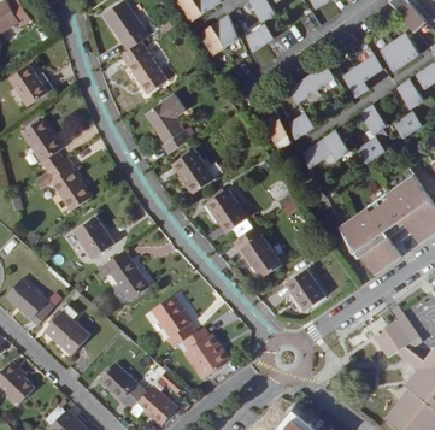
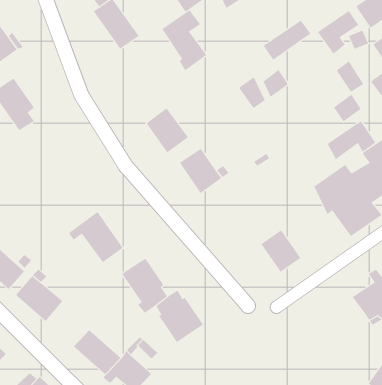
building: [140,98,184,158] -> [161,9,207,71]
building: [300,129,348,167] -> [327,120,376,160]
building: [46,159,92,211] -> none
building: [74,216,114,259] -> none
building: [233,223,281,277] -> none

